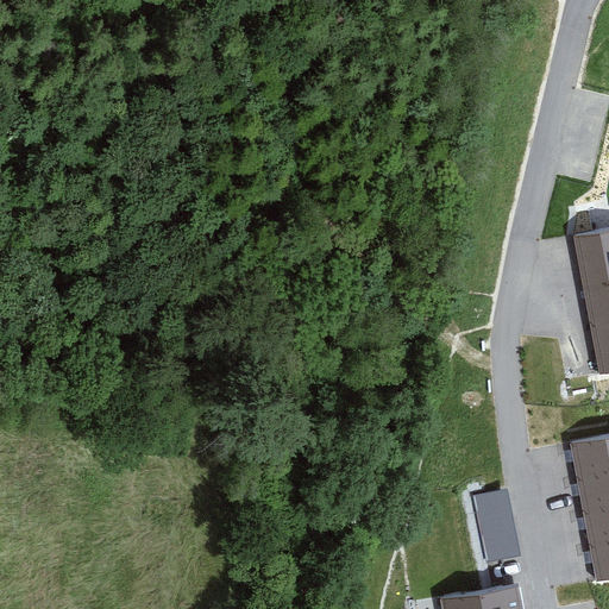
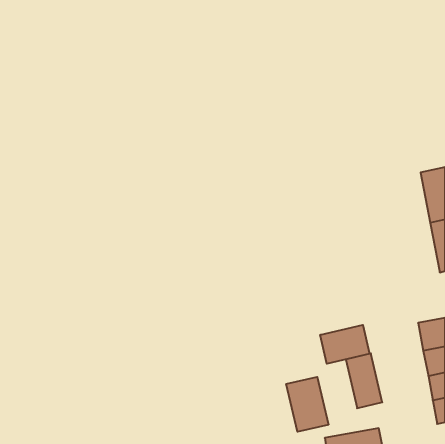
building: none -> [320,325,369,364]
building: none -> [286,377,328,432]

